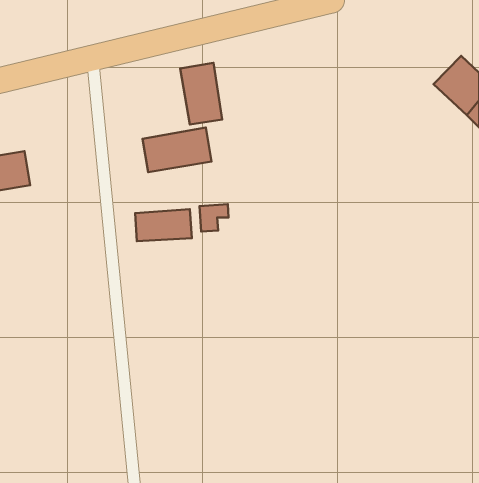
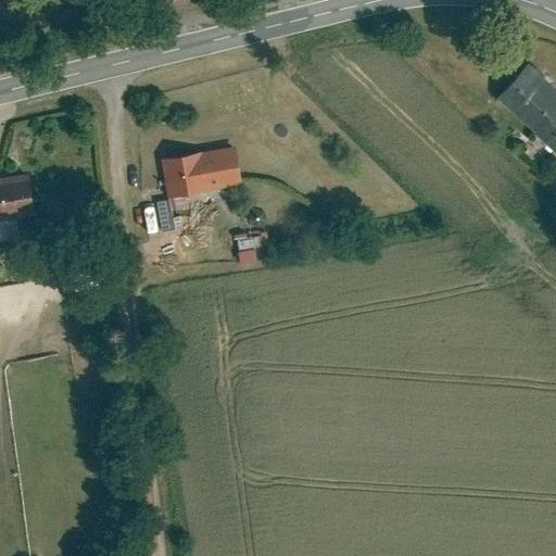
building: [180,63,222,125] -> none
building: [135,209,192,241] -> none

